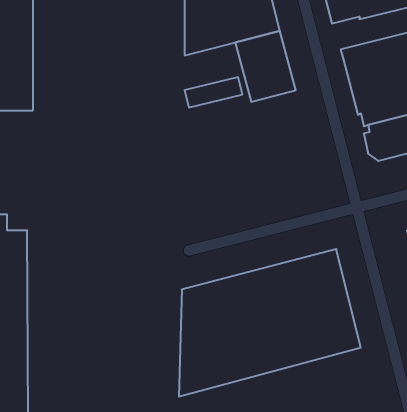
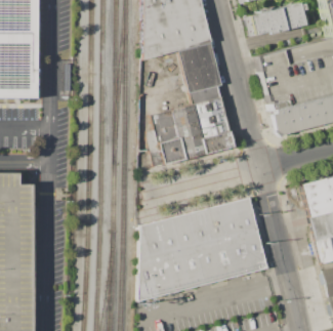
building: none -> [151,96,233,164]

